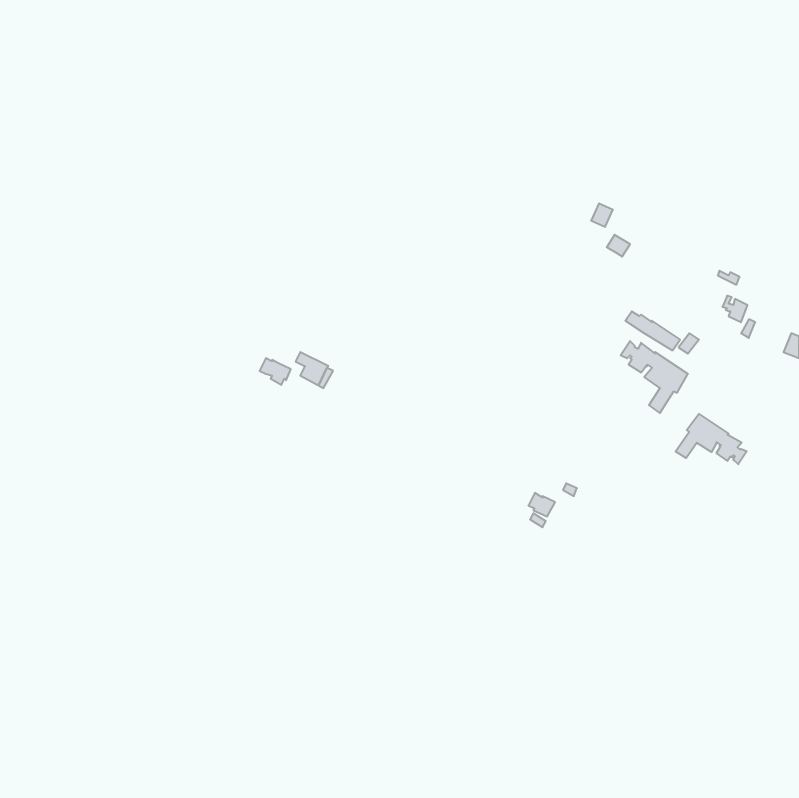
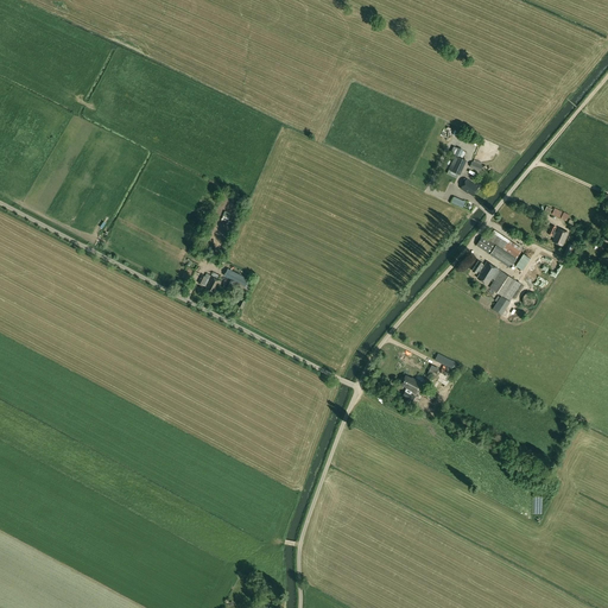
building: [676,414,747,464] -> none

